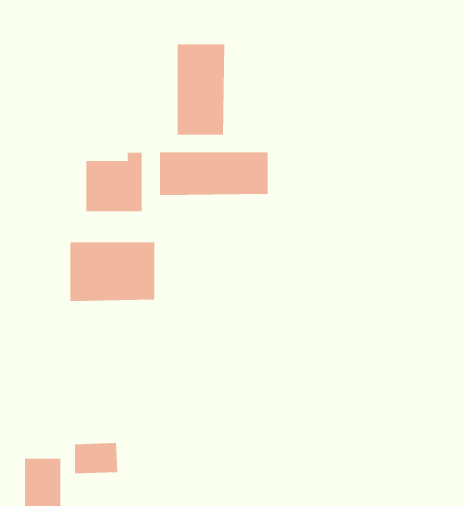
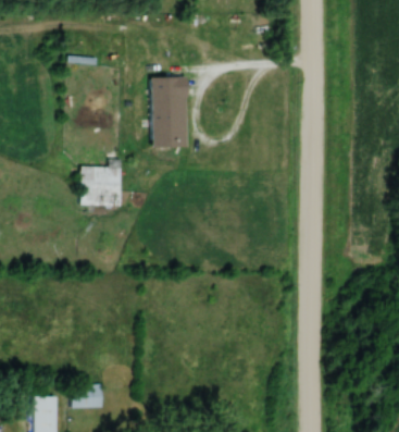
building: [159,152,268,196] -> none
building: [70,242,155,302] -> none

